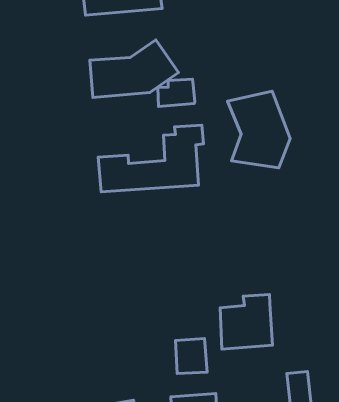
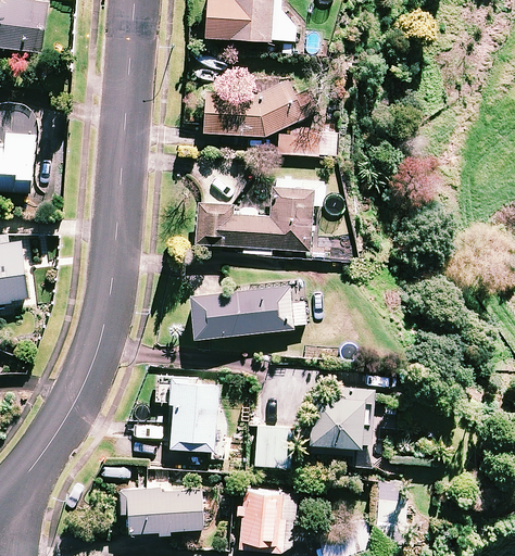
building: [228,91,290,168] -> none
building: none -> [191,286,306,338]
building: none -> [158,377,218,450]

